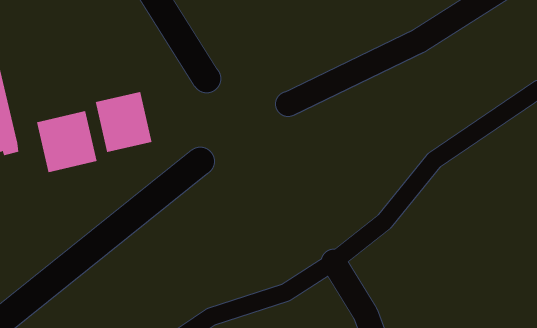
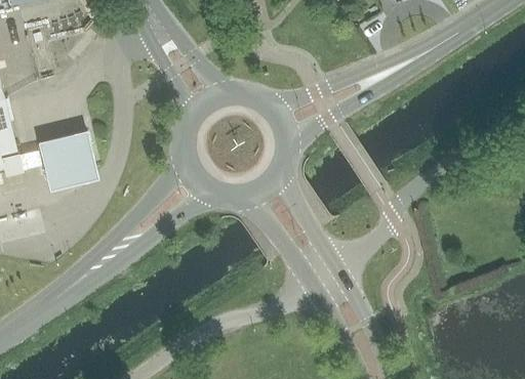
building: [95,91,152,153] -> none

